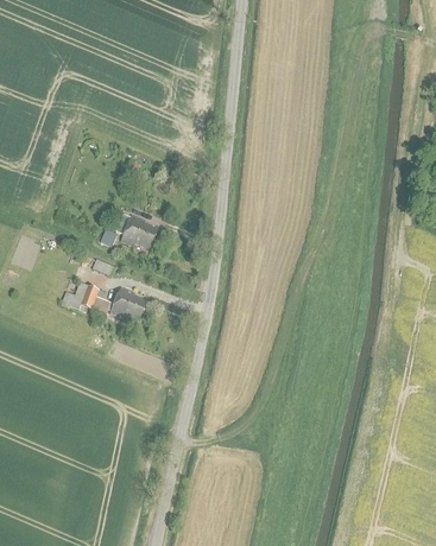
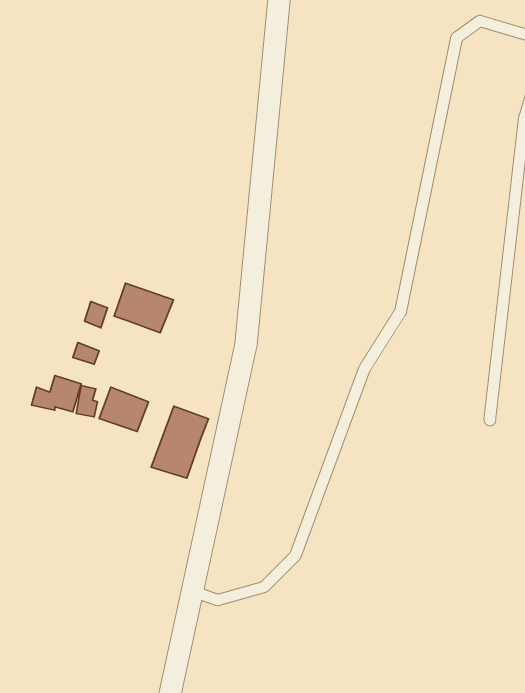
building: none -> [151,406,208,478]

